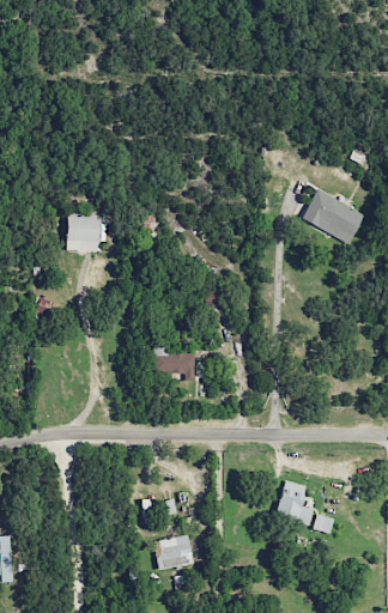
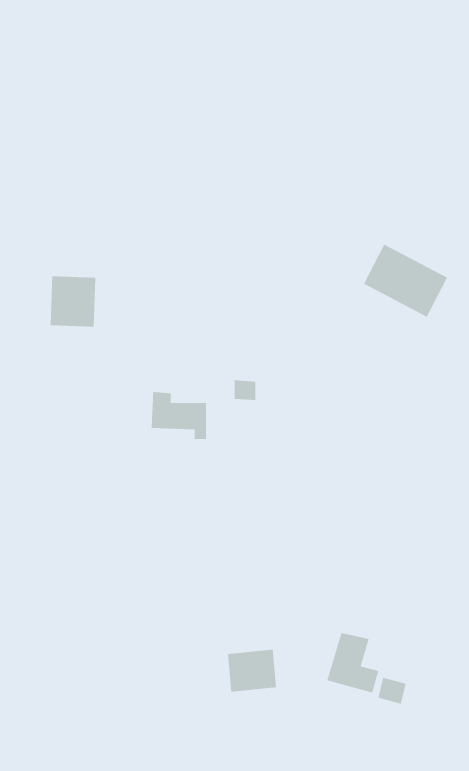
building: [153,345,195,381] -> [151,391,207,439]
building: [156,536,193,569] -> [227,649,277,692]

